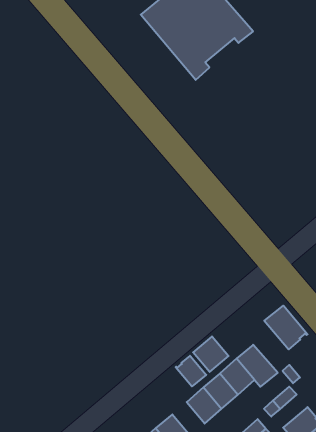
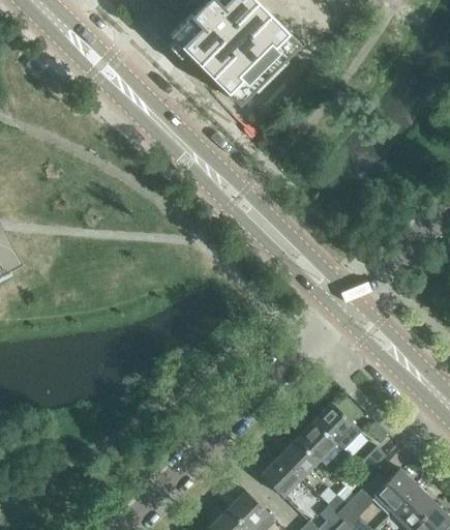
building: [264,306,308,349] -> none
building: [193,336,229,372] -> none
building: [176,356,206,386] -> none

